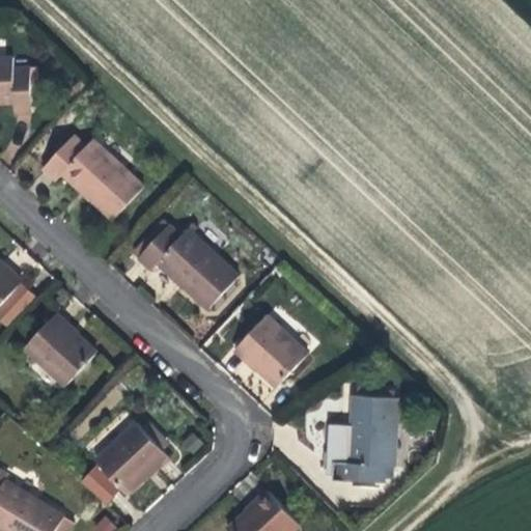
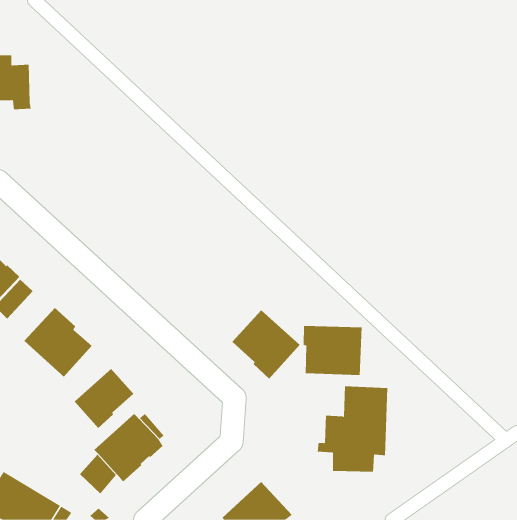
building: [41,134,144,221] -> none
building: [136,223,240,309] -> none
building: none -> [303,325,362,376]
building: none -> [74,368,134,429]

